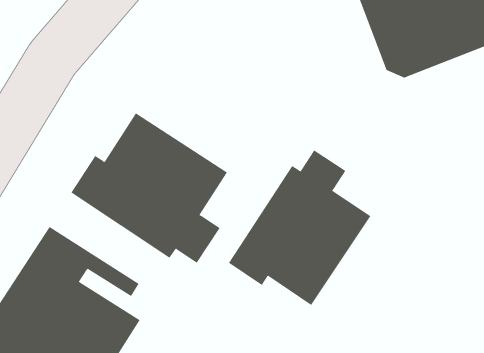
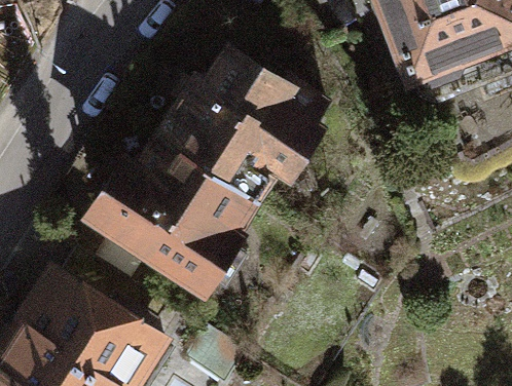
building: none -> [155,46,321,189]
building: [228,150,371,306] -> none

